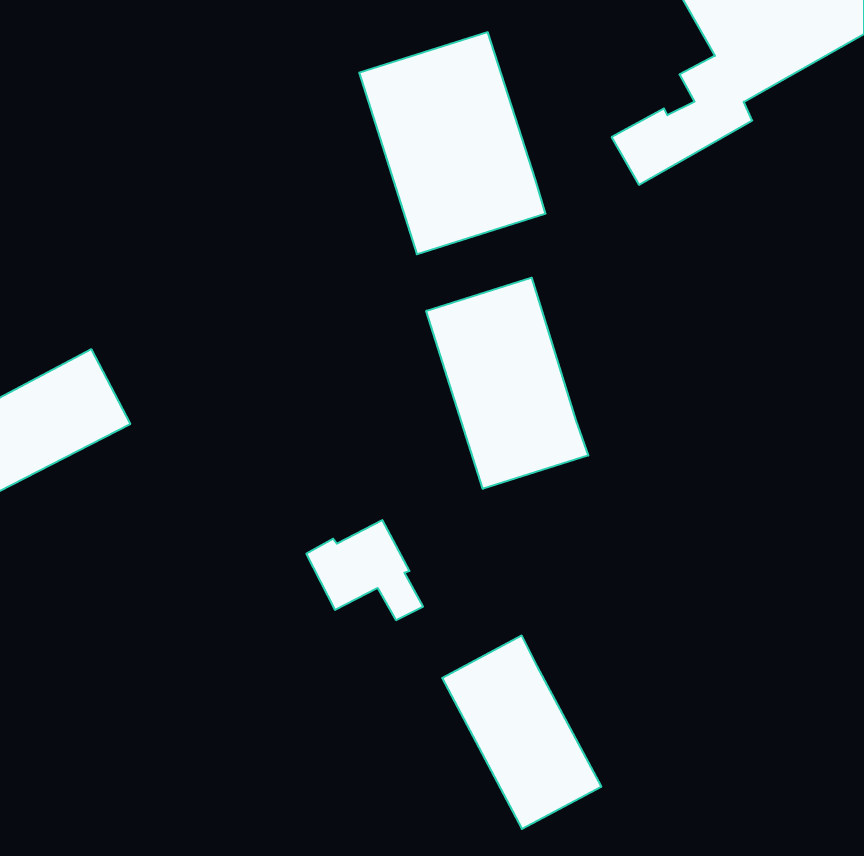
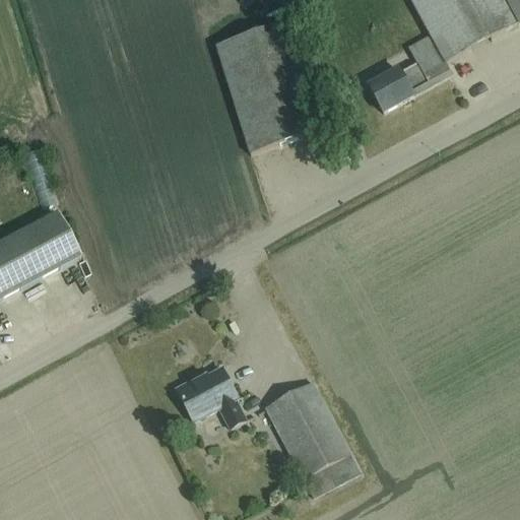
building: [426,278,588,489] -> none
building: [306,520,423,620] -> [176,367,246,427]

